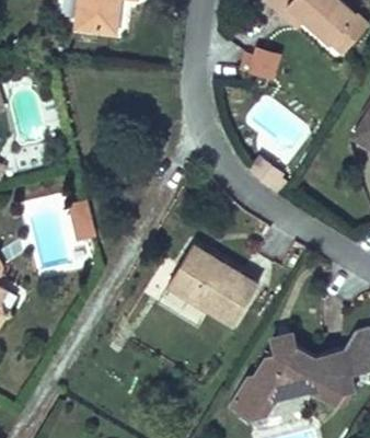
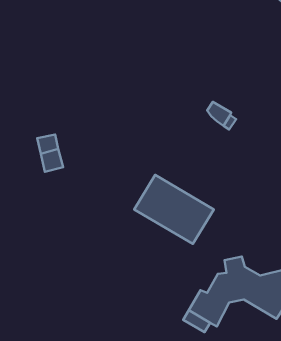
building: [243,47,285,80] -> none

